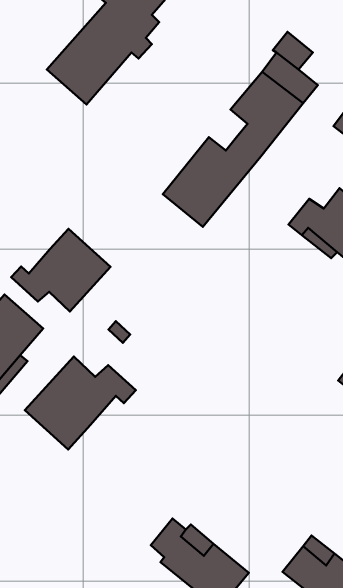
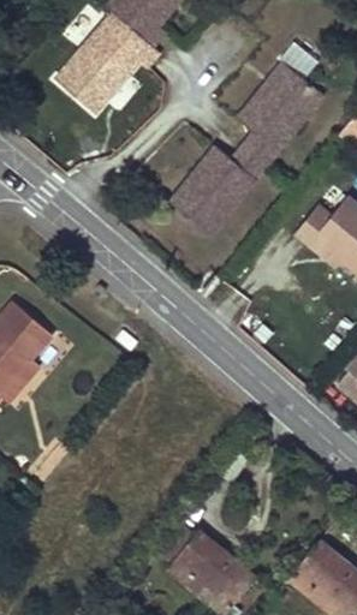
building: [11,229,111,311] -> none
building: [25,357,136,449] -> none

